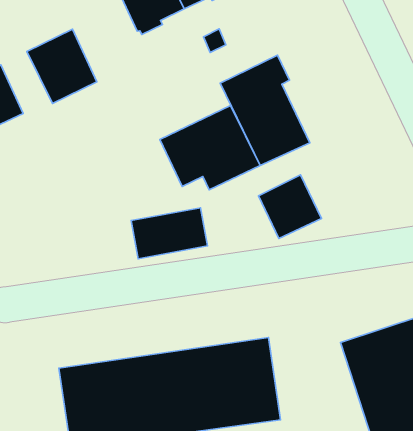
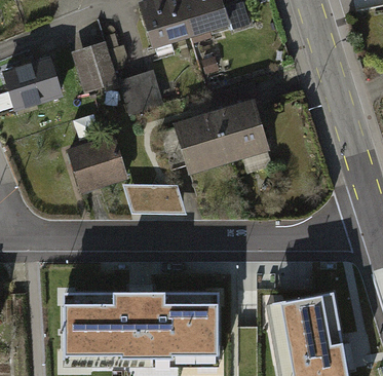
building: none -> [119,72,163,117]
building: none -> [67,136,129,195]
building: [259,175,322,238] -> none

